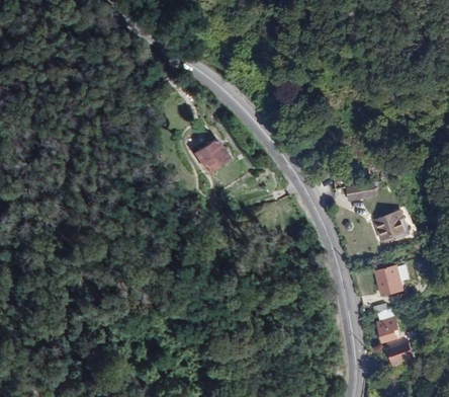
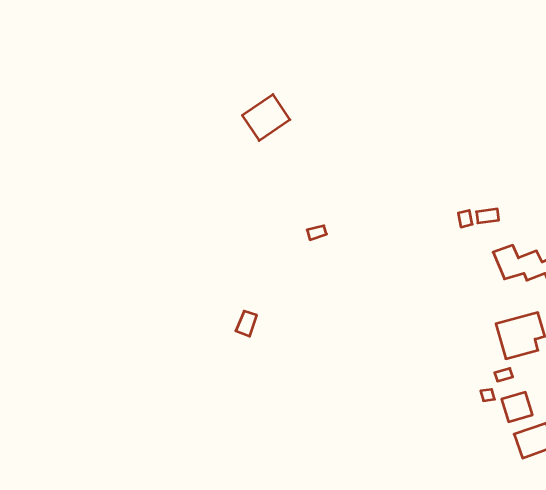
building: [191,138,226,171] -> [242,94,290,141]

